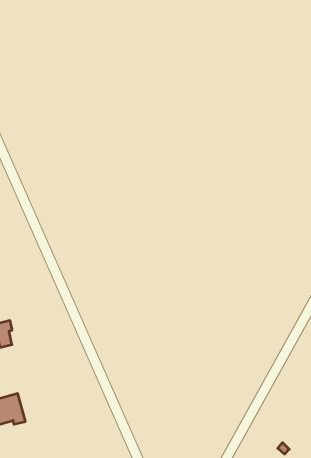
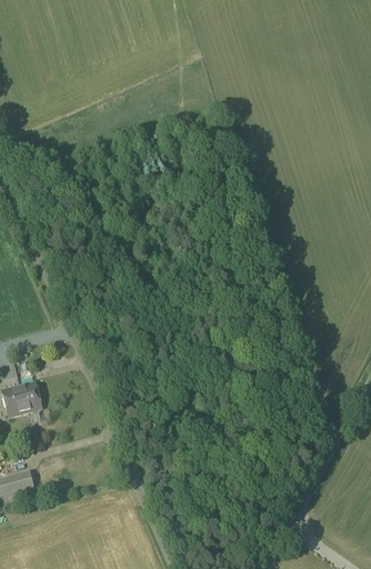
building: none -> [19,379,41,411]

